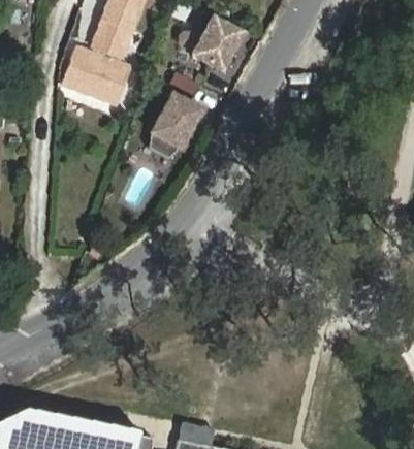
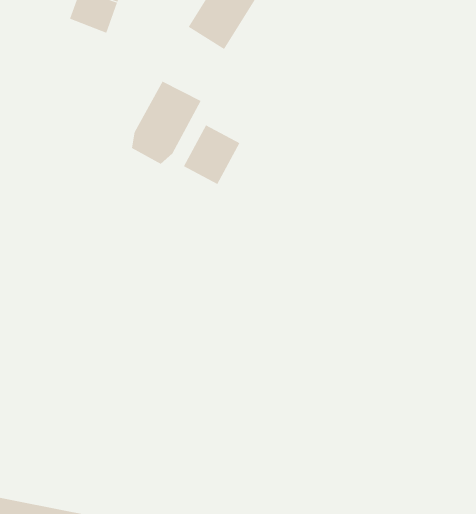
building: [64,46,134,105] -> none
building: none -> [183,124,240,185]

